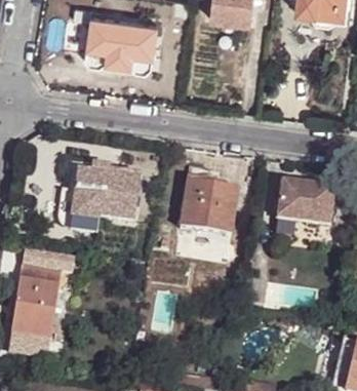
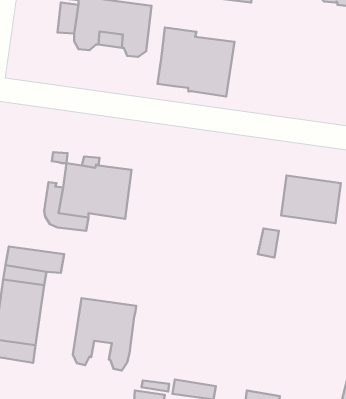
building: none -> [158,28,234,96]
building: [180,180,238,237] -> none
building: none -> [73,298,136,371]

